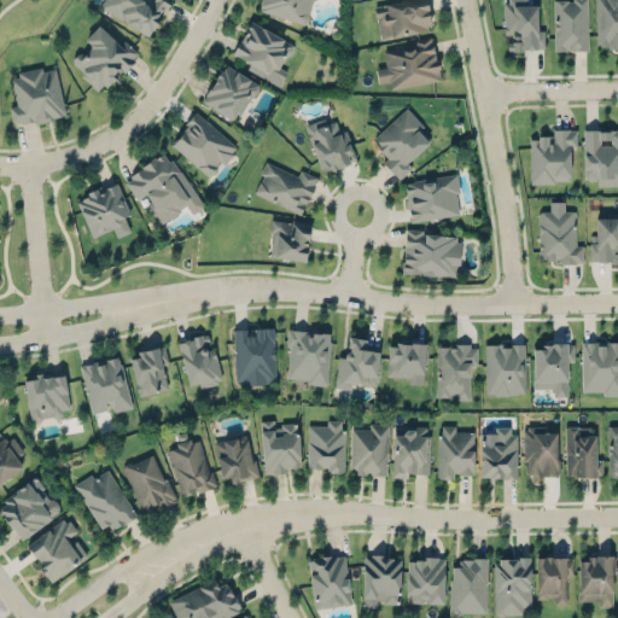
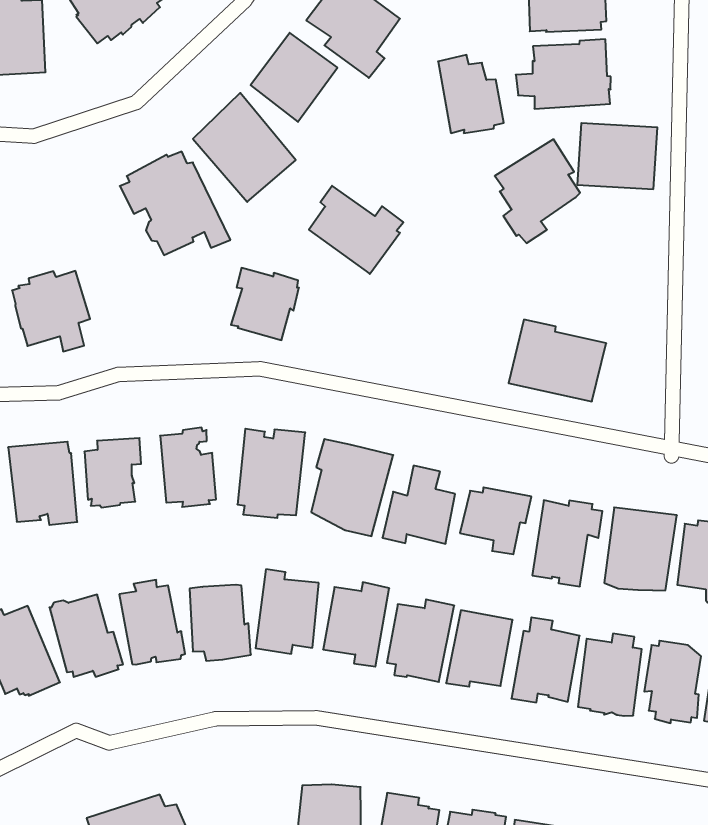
building: [307,119,356,173] -> [438,55,504,133]
building: [407,176,461,222] -> [577,123,657,189]
building: [77,185,132,239] -> [12,271,90,351]
building: [270,220,311,263] -> [231,268,299,340]

